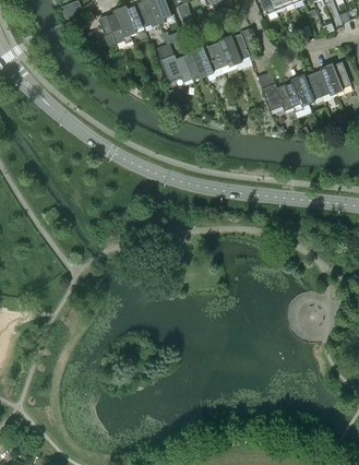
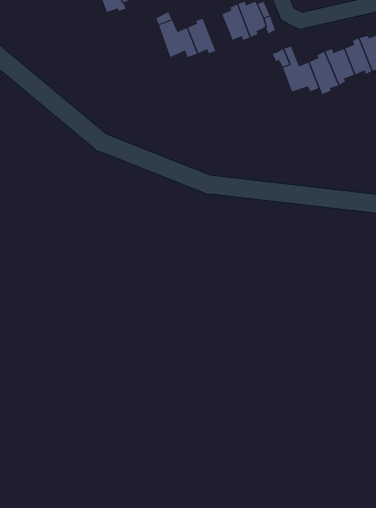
building: [196,46,223,78] -> none

